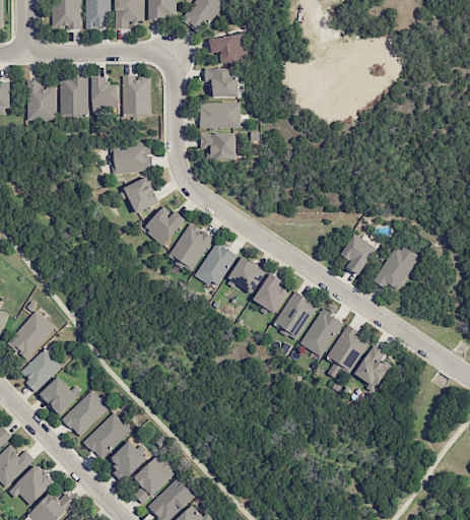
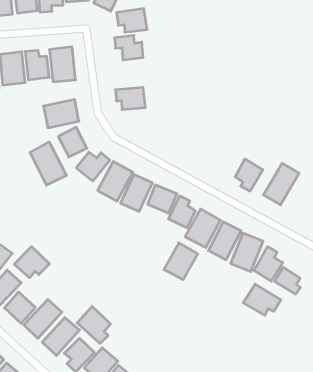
building: [200,102,240,127] -> none
building: none -> [30,142,66,185]
building: none -> [14,247,49,278]
building: none -> [164,243,198,280]
building: none -> [275,267,300,294]
building: none -> [243,284,281,315]
building: none -> [77,306,110,343]

